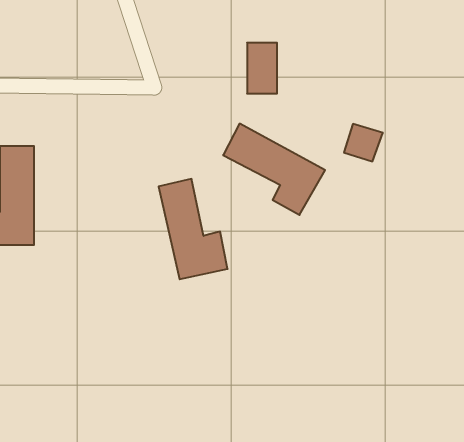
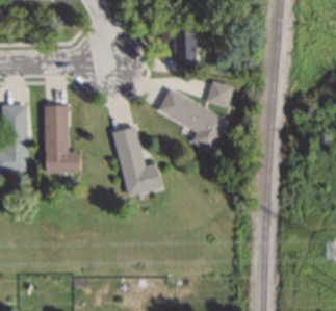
building: [344,124,383,161] -> [207,82,234,108]
building: none -> [45,107,80,174]

